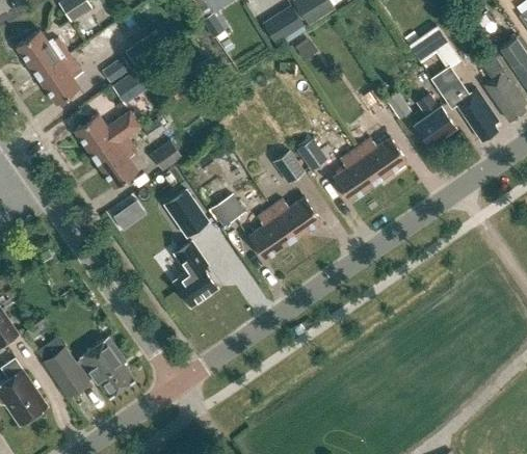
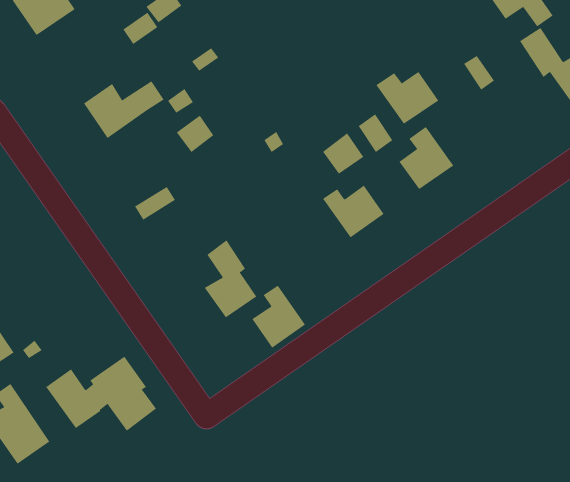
building: [35,53,79,104] -> none
building: [113,65,156,104] -> none
building: [414,96,455,146] -> none
building: [94,136,137,188] -> none
building: [354,137,406,181] -> [375,71,439,125]
building: [164,189,207,235] -> none
building: [211,195,243,228] -> none
building: [247,208,292,260] -> [251,285,306,349]

